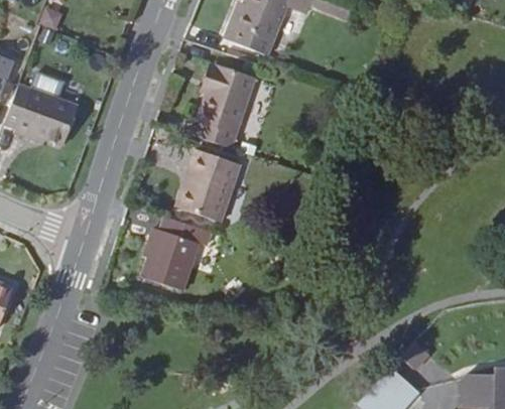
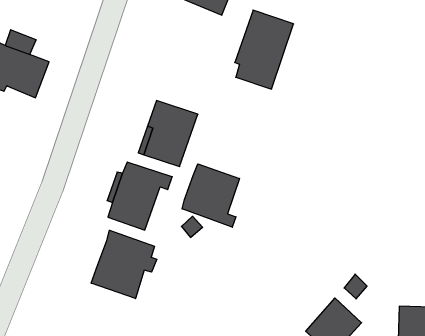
building: [193,62,257,149] -> [235,10,294,89]
building: none -> [182,164,239,227]
building: none -> [91,230,157,299]

